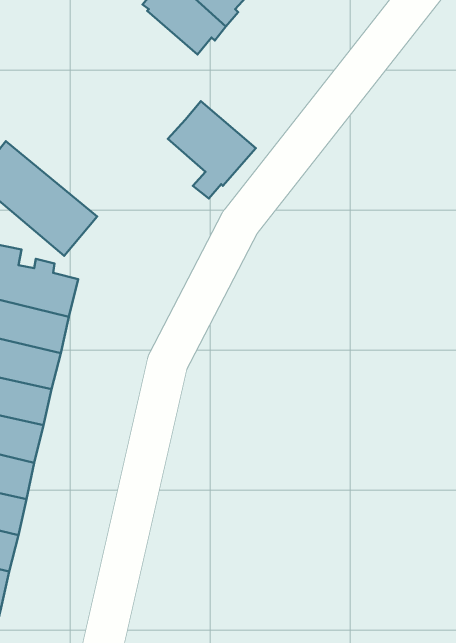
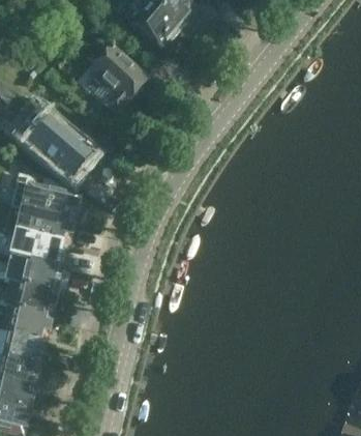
building: [168,101,256,198] -> [88,46,146,110]

